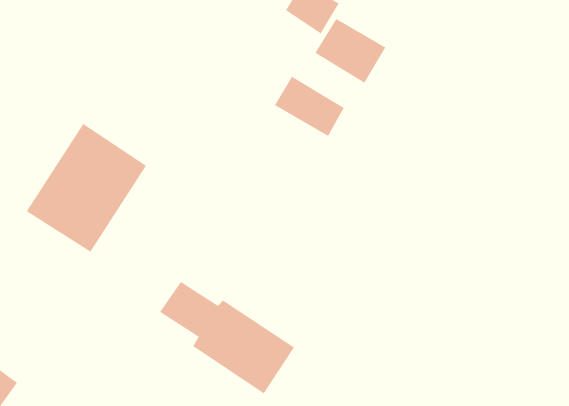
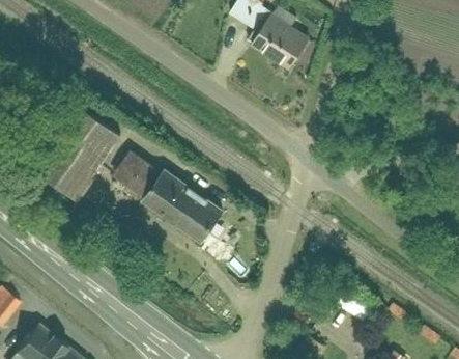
building: [274,76,345,137] -> none
building: [159,281,295,394] -> [120,154,226,242]

